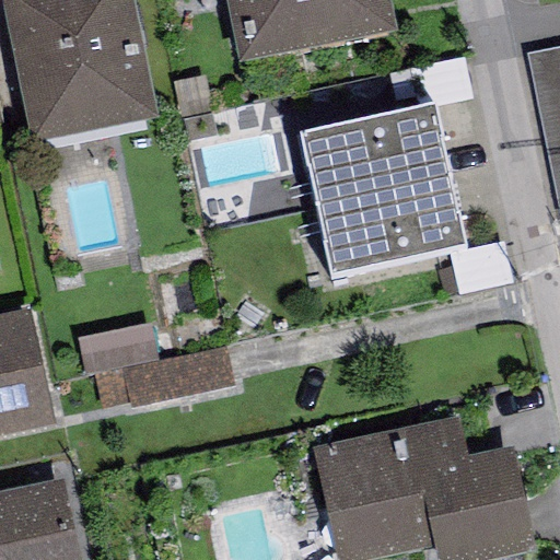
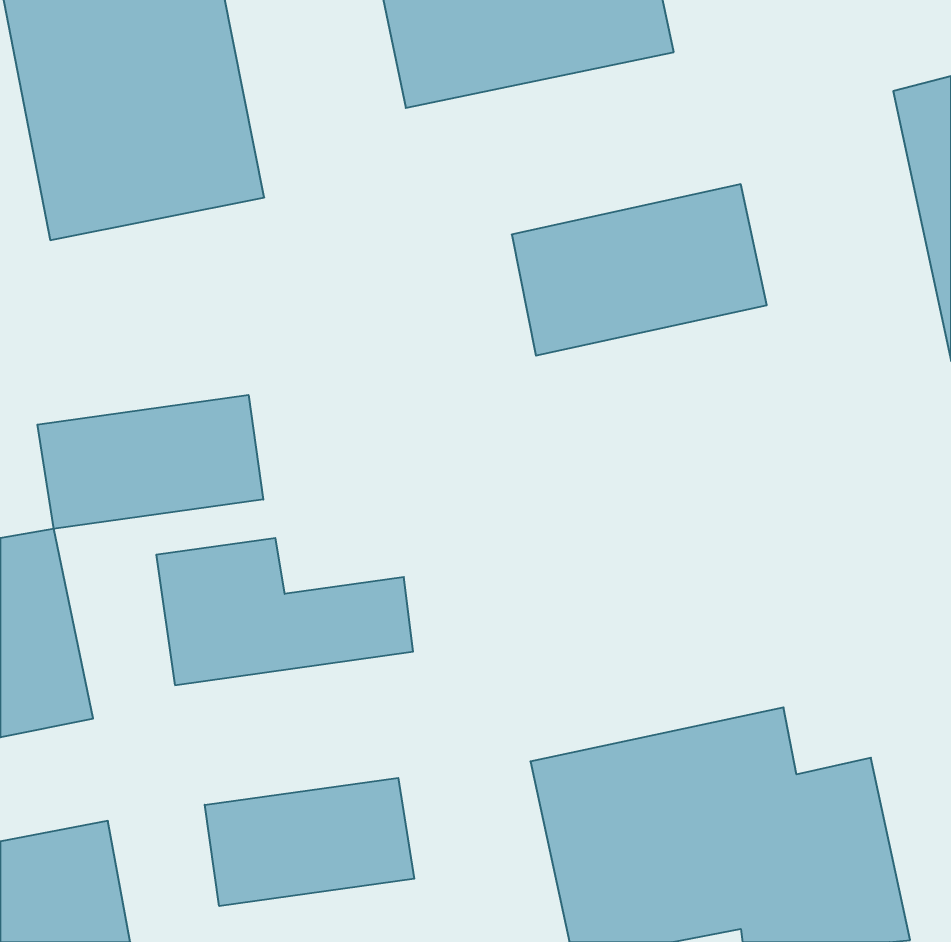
building: [315,179,466,280] -> none
building: none -> [37,395,263,529]
building: none -> [205,778,414,906]

